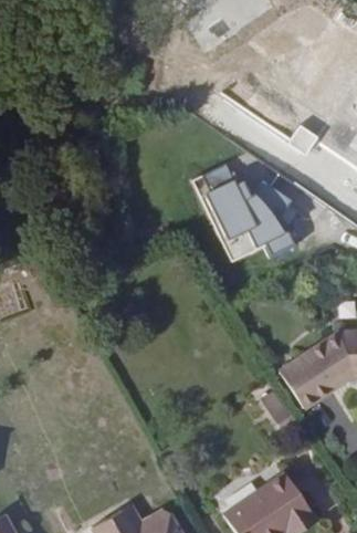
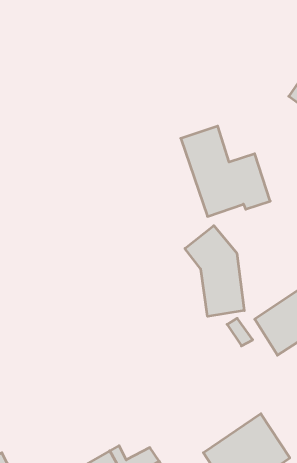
building: none -> [185,226,244,316]

